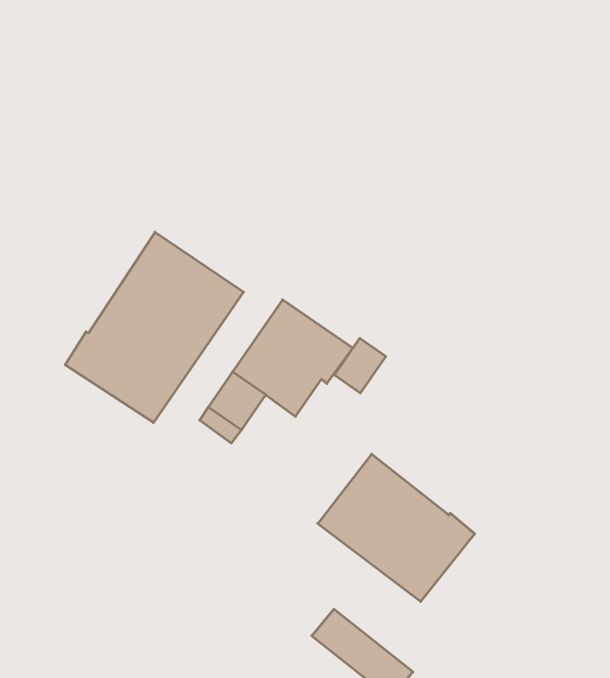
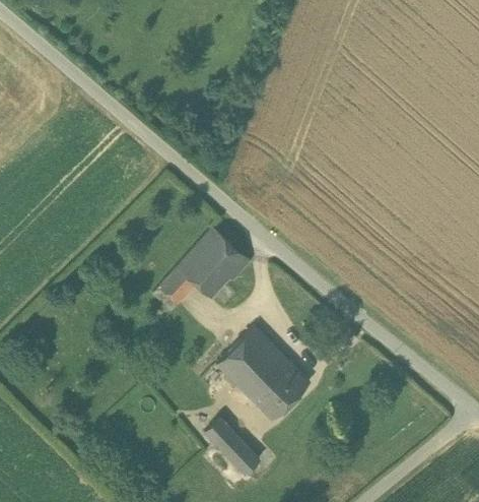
building: [65,232,244,423] -> none
building: [334,338,386,393] -> none

